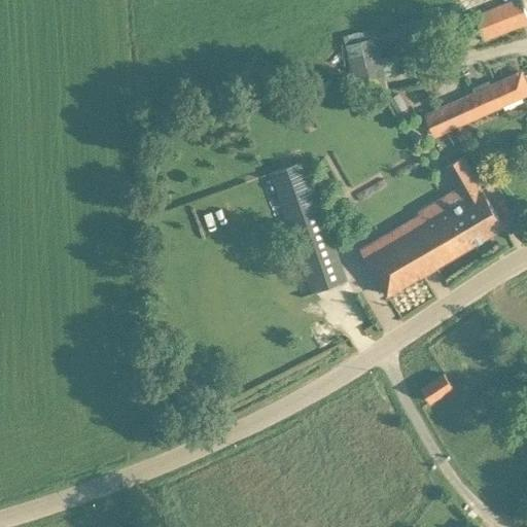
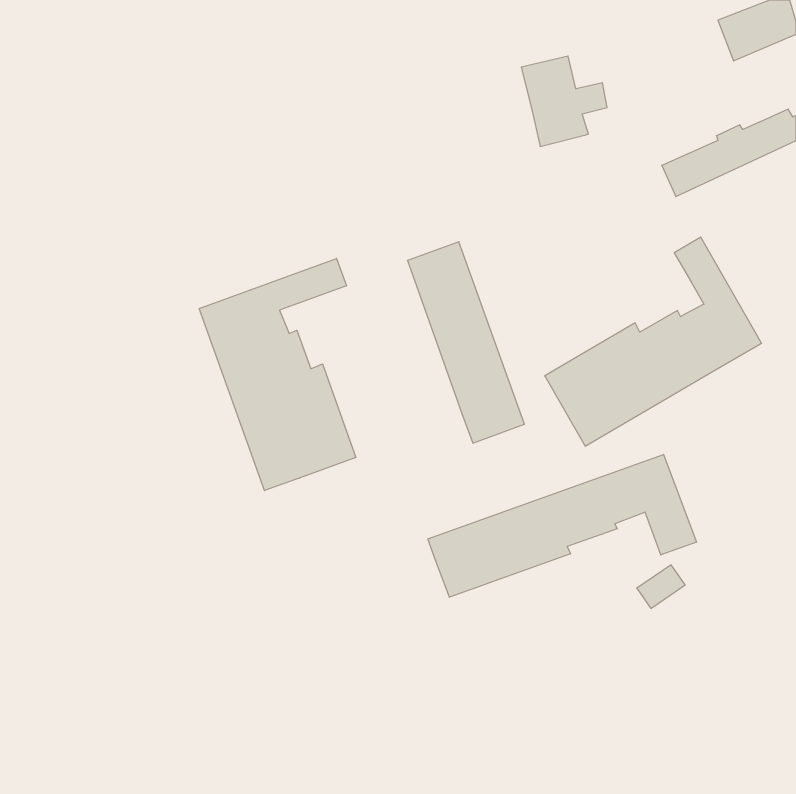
building: none -> [199,258,356,491]
building: none -> [428,454,696,597]

